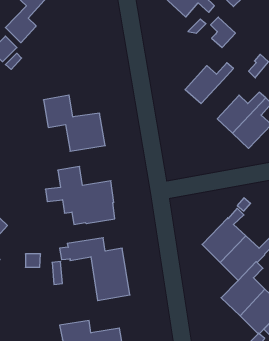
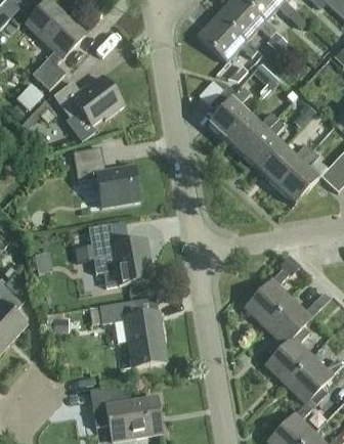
building: none -> [52,77,123,126]
building: none -> [208,85,250,140]
building: none -> [243,118,285,172]

